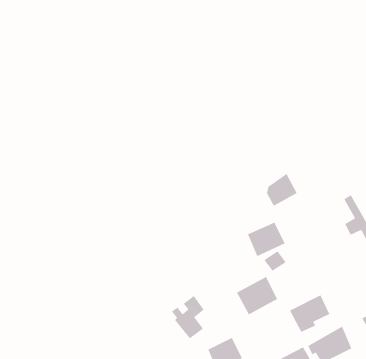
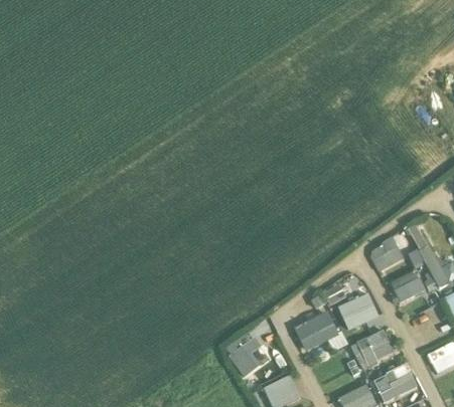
building: [266,173,297,207] -> [370,236,404,271]
building: [247,222,285,257] -> [338,292,379,330]
building: none -> [392,270,426,302]

